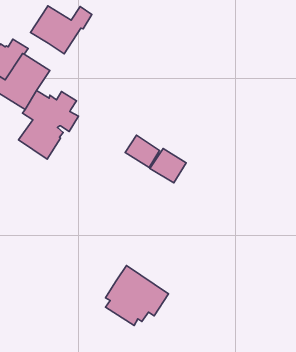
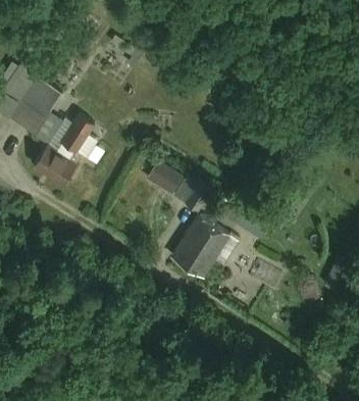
building: [31,6,92,54] -> none
building: [105,265,168,325] -> [171,212,239,277]

